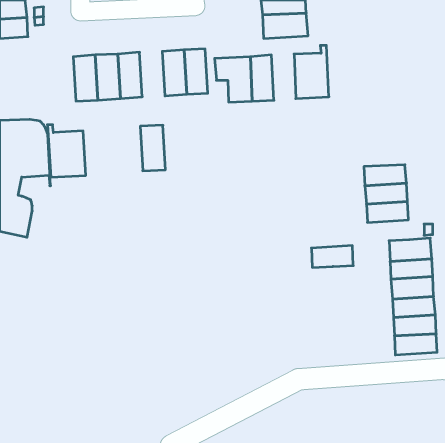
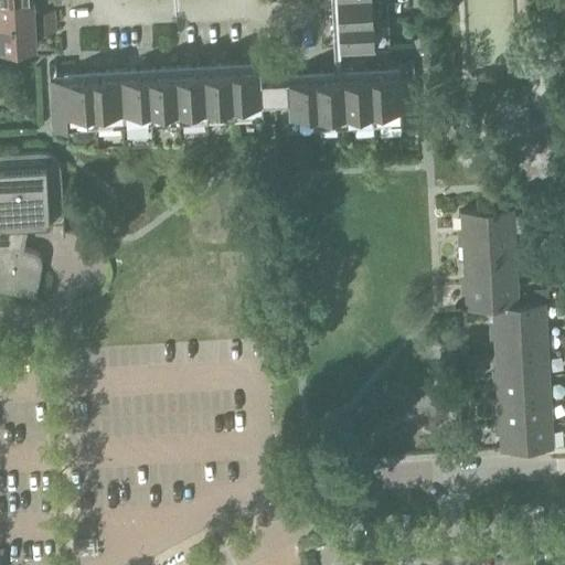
building: none -> [343,72,374,130]
building: [47,125,86,177] -> [47,67,96,134]
building: [140,125,165,171] -> [177,68,209,126]
building: [311,246,353,267] -> [465,281,518,309]

